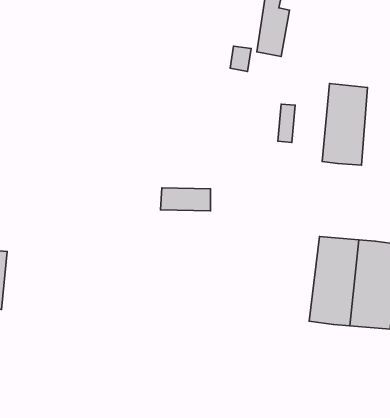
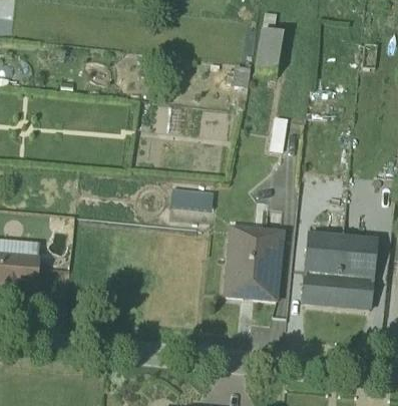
building: [322,83,367,165] -> none
building: none -> [224,225,284,300]

